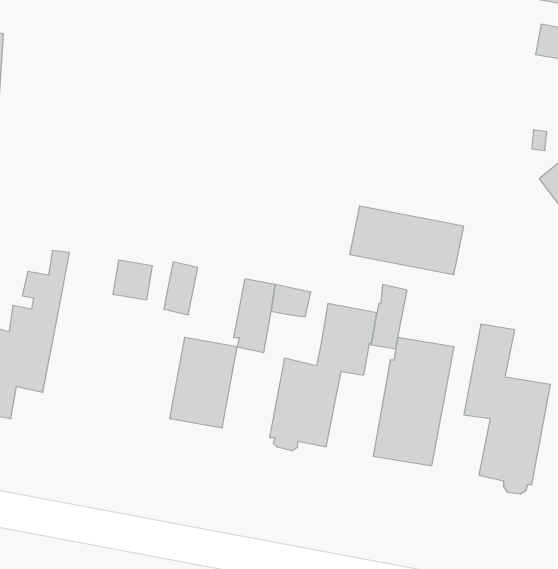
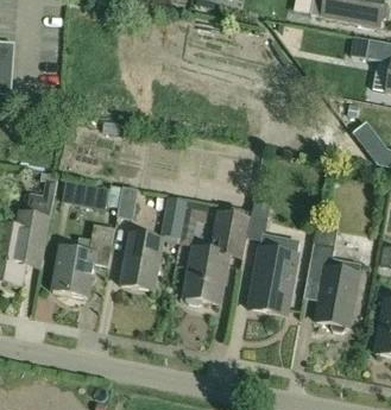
building: [350,206,464,275] -> none
building: none -> [51,223,113,297]

